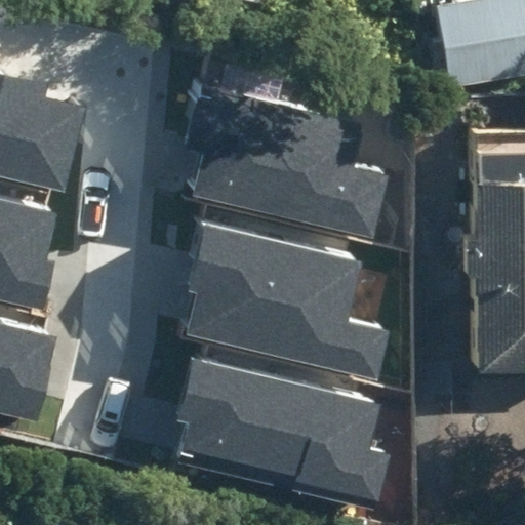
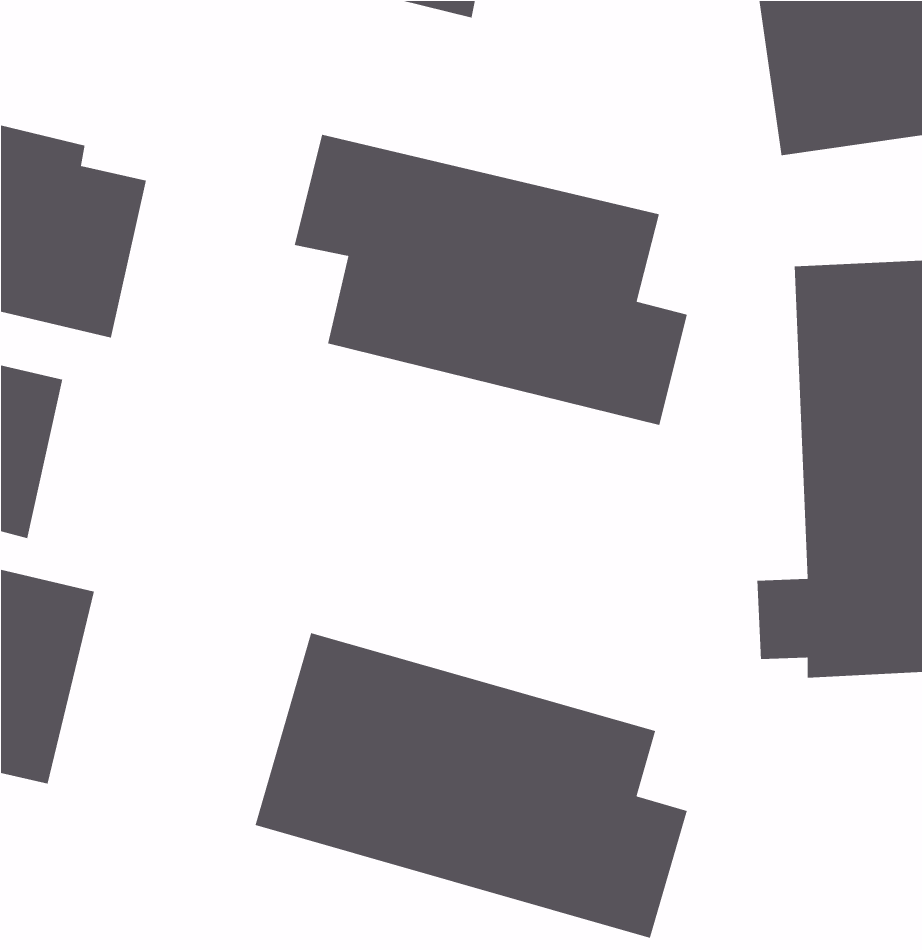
building: [174,218,388,379] -> none

